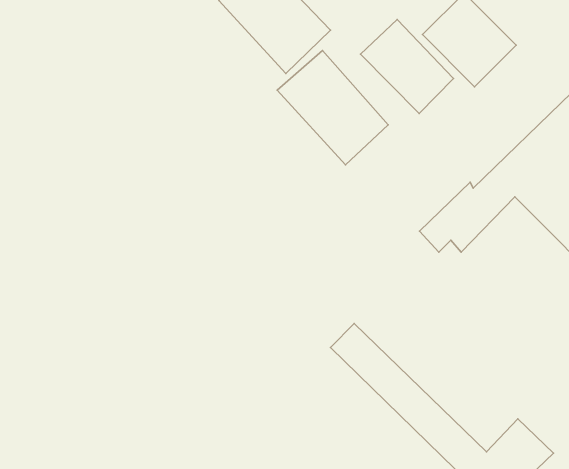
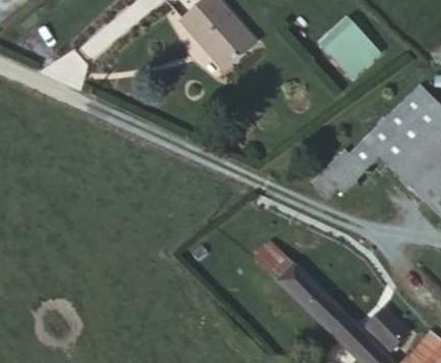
building: [360,19,454,113] -> none
building: [277,51,388,165] -> none

